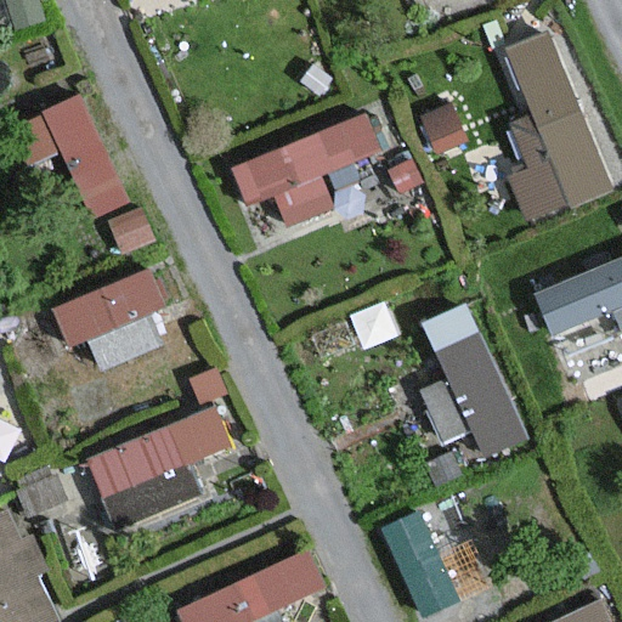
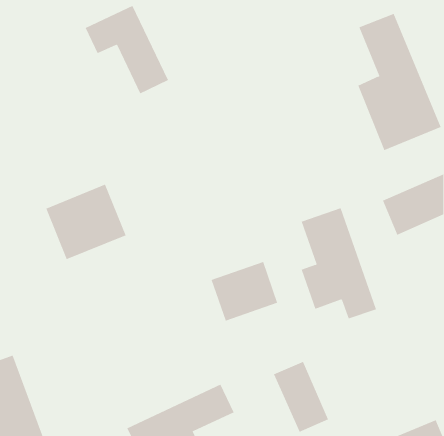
building: [17,94,134,217] -> [85,5,169,94]
building: [230,112,396,224] -> none
building: none -> [211,261,278,321]
building: [86,402,237,530] -> none

